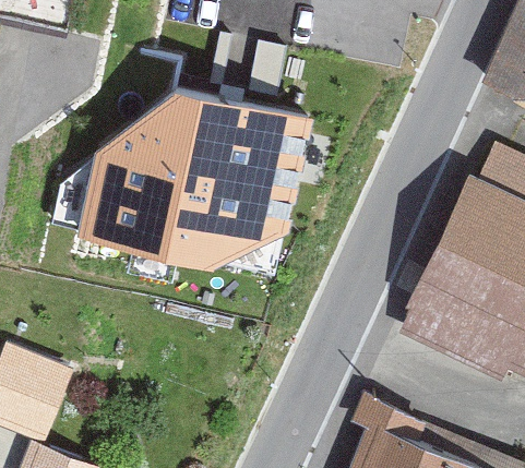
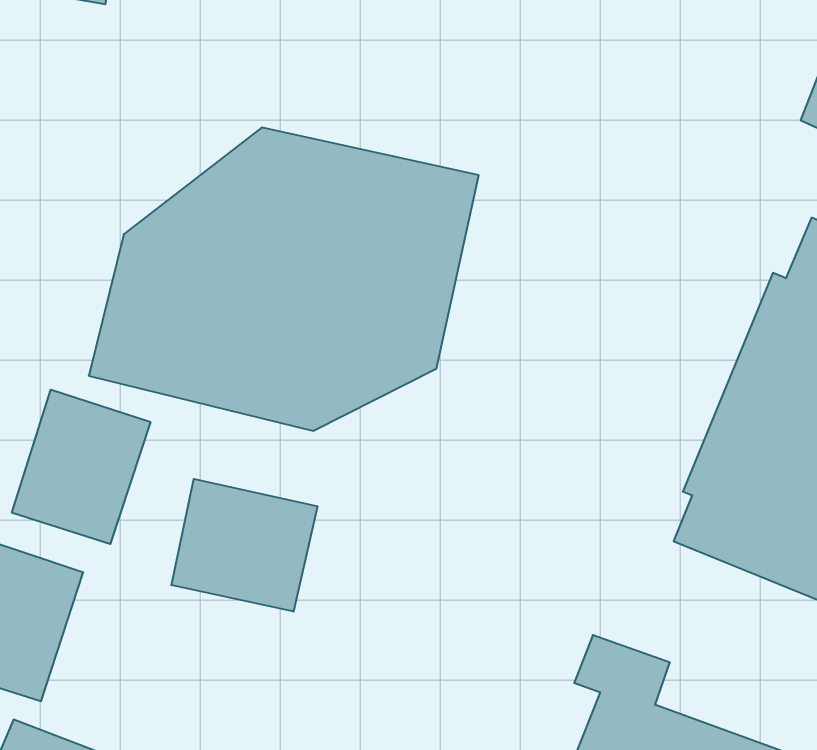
building: none -> [12,390,150,544]
building: none -> [171,479,317,612]

